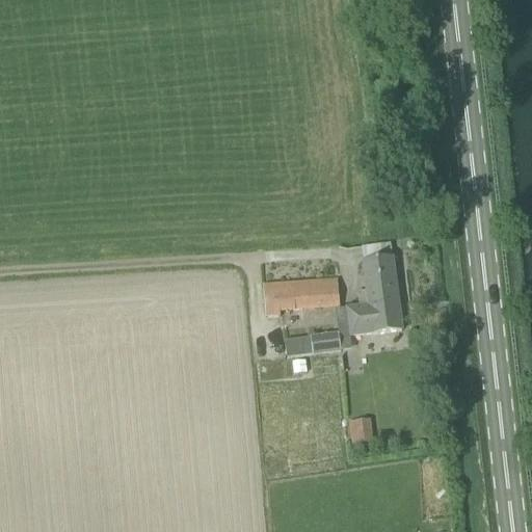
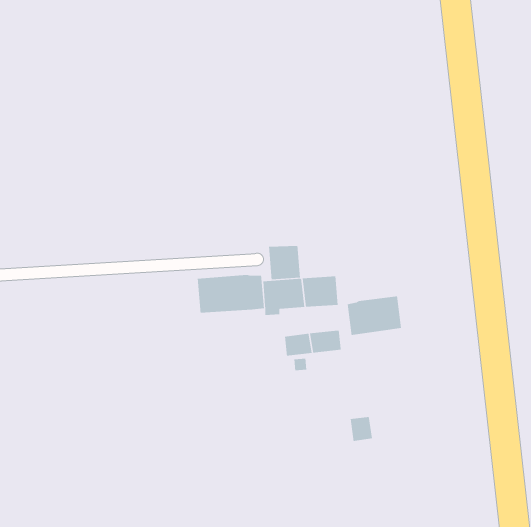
building: none -> [268,245,301,280]
building: [357,255,398,300] -> none
building: none -> [197,274,264,314]

